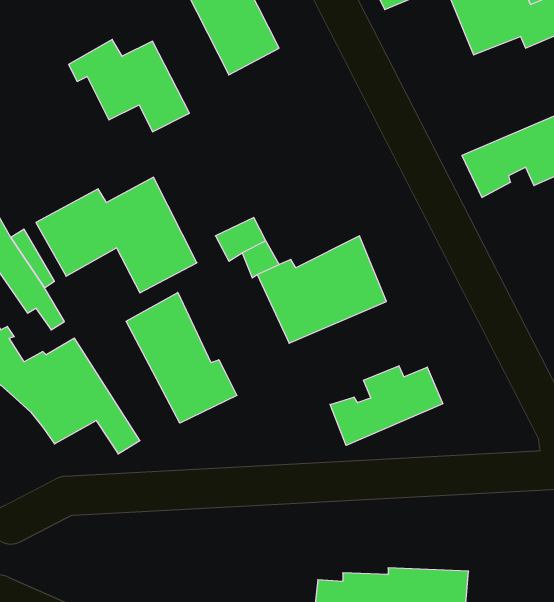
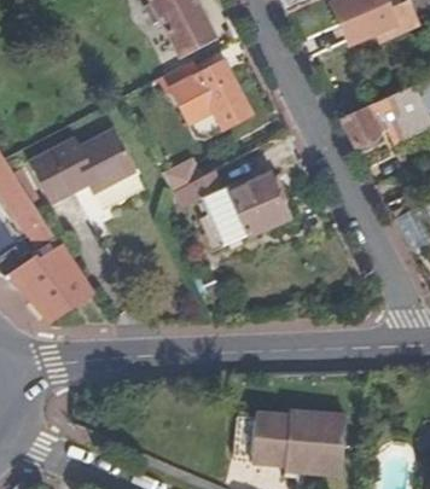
building: [69,39,189,132] -> [159,60,246,127]
building: [126,292,237,423] -> none
building: [330,366,443,445] -> none

